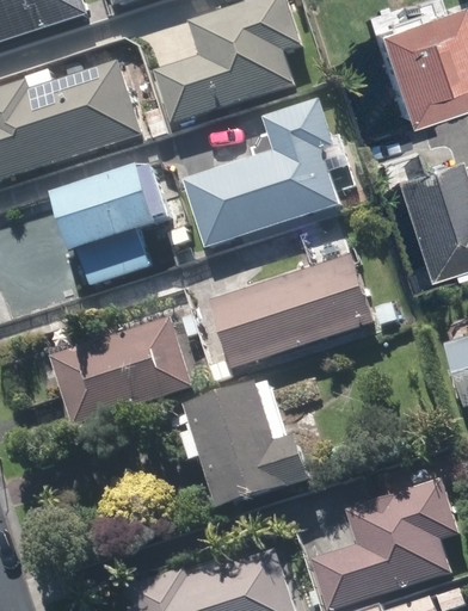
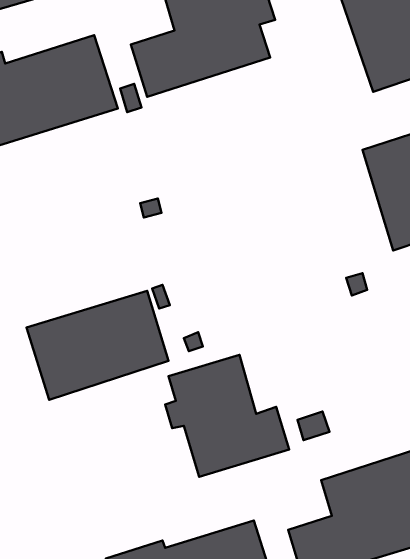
building: [183,99,339,248] -> none
building: [60,166,176,284] -> none
building: [209,253,372,369] -> none

